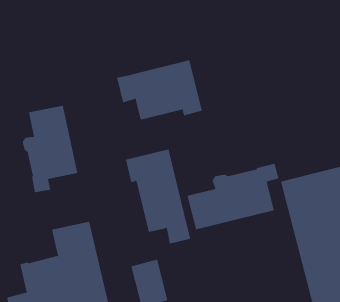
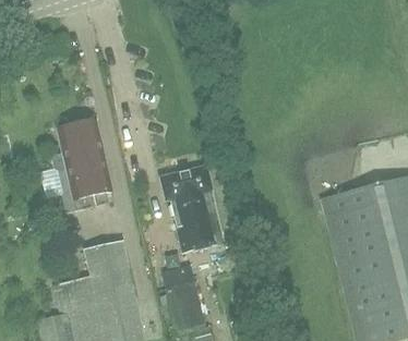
building: [116,59,202,120] -> none
building: [187,163,279,230] -> none

